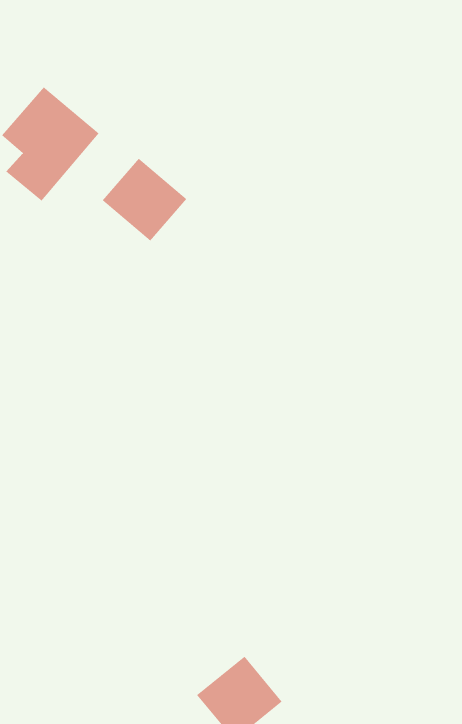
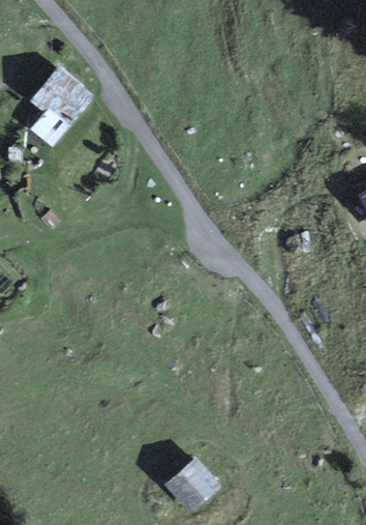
building: [102,158,187,241] -> none

